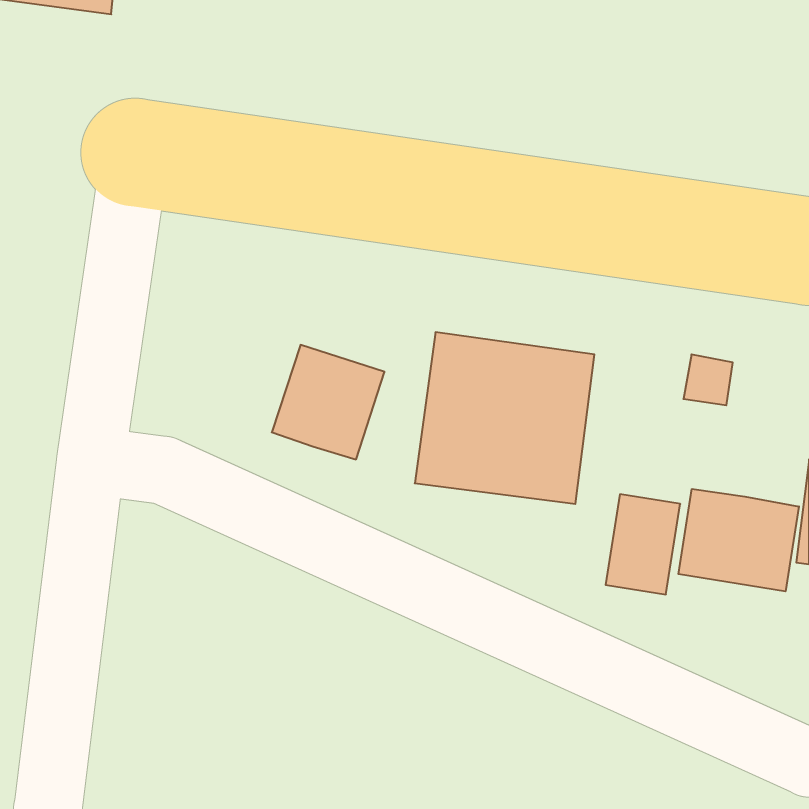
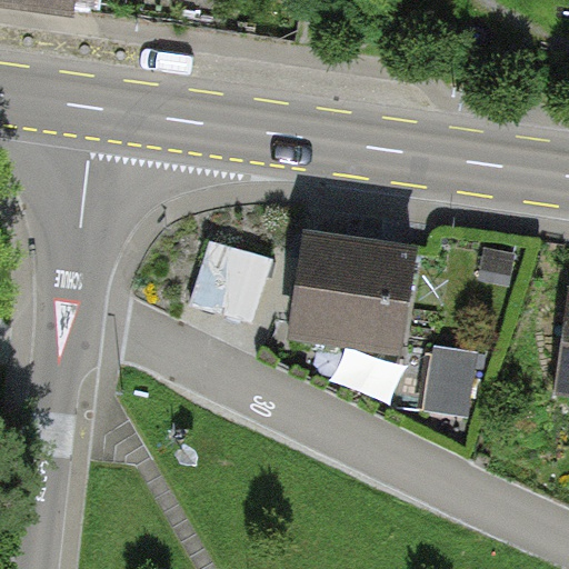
building: [678,489,799,591] -> none

